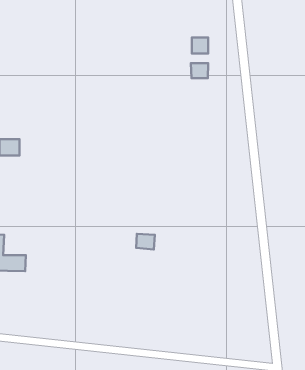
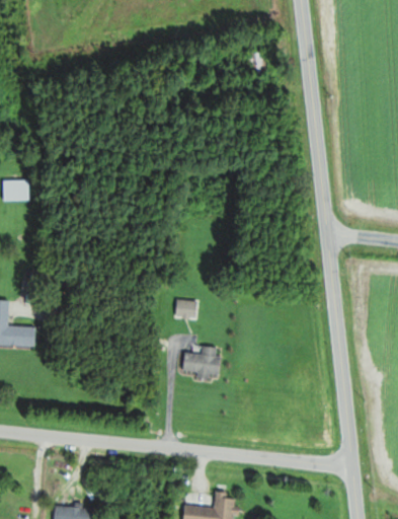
building: [191,63,208,78] -> none
building: none -> [178,347,221,376]

